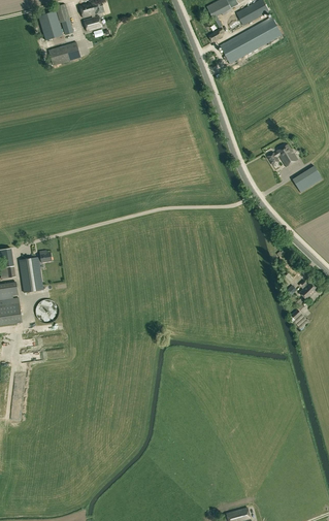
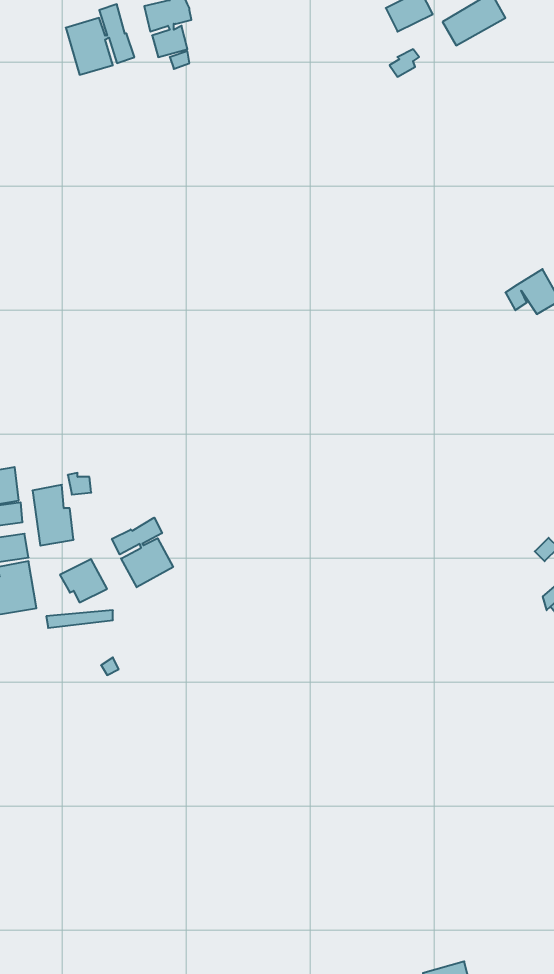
building: [220,17,283,64] -> none
building: [48,42,81,66] -> none
building: none -> [112,518,173,587]

